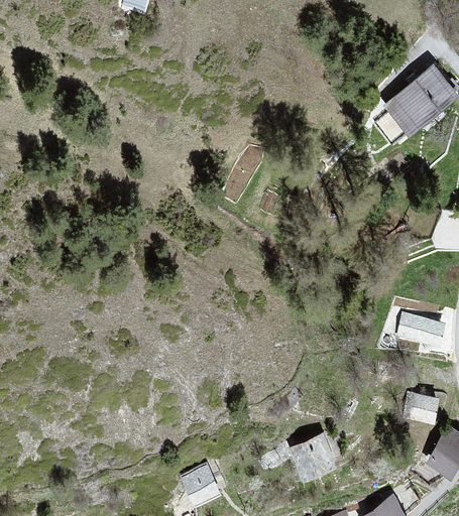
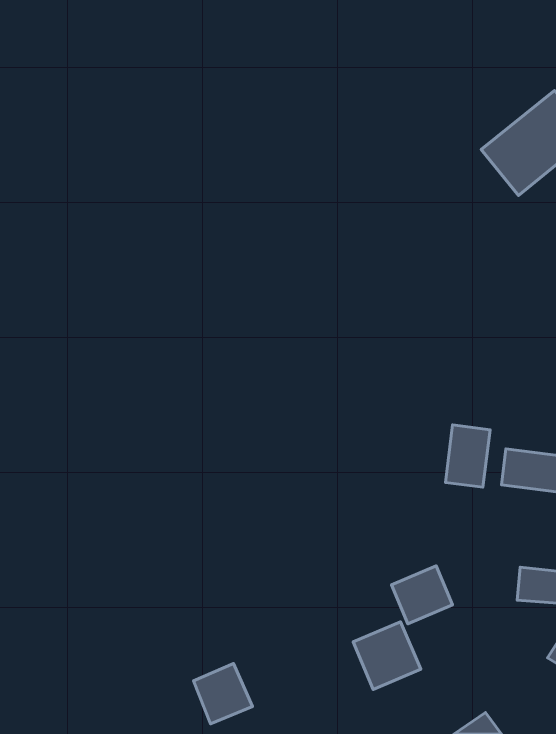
building: none -> [445,425,490,487]
building: none -> [391,566,453,624]

